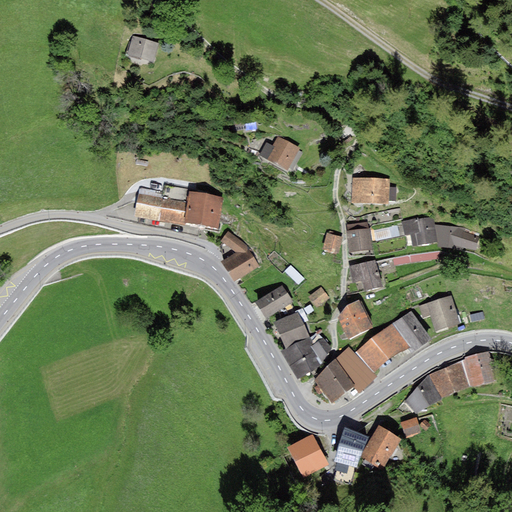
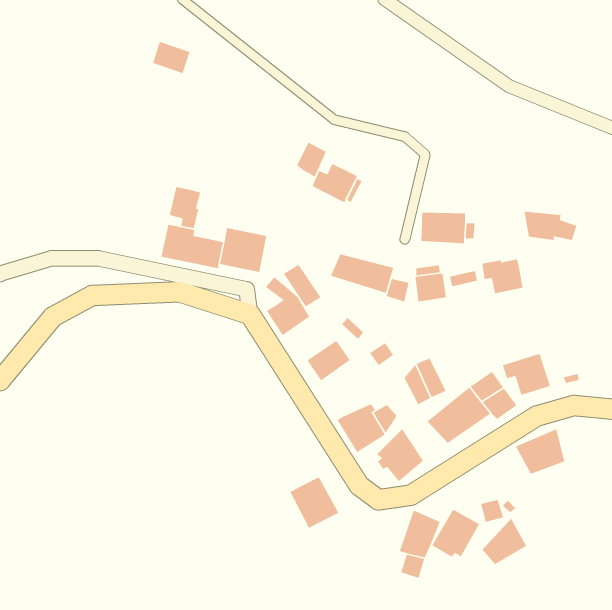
building: none -> [296,142,327,178]
building: none -> [169,186,201,229]
building: none -> [330,253,394,294]
building: none -> [283,264,321,307]
building: [434,224,479,249] -> [524,211,577,241]
building: [349,259,381,290] -> none
building: [274,312,310,348] -> none
building: [336,346,377,393] -> none
building: [465,351,496,386] -> none
building: [405,373,443,413] -> [482,517,527,565]
building: [287,433,329,477] -> [289,476,340,529]

